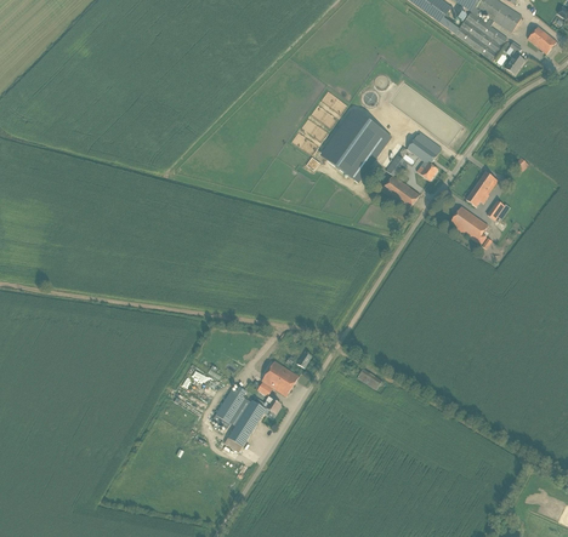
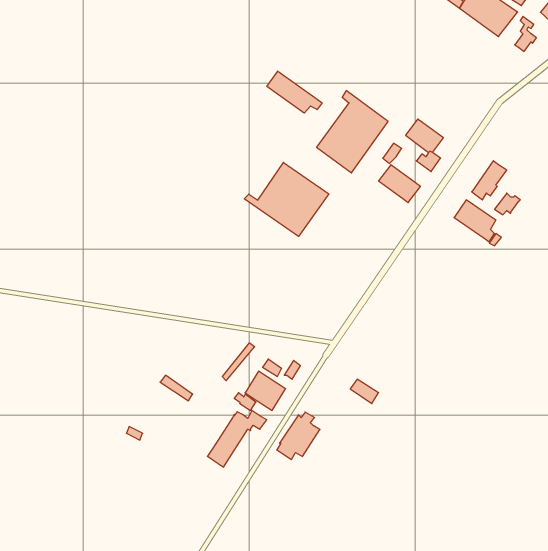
building: none -> [267,71,322,113]
building: none -> [244,162,329,236]
building: [211,384,250,427] -> [277,412,320,459]

